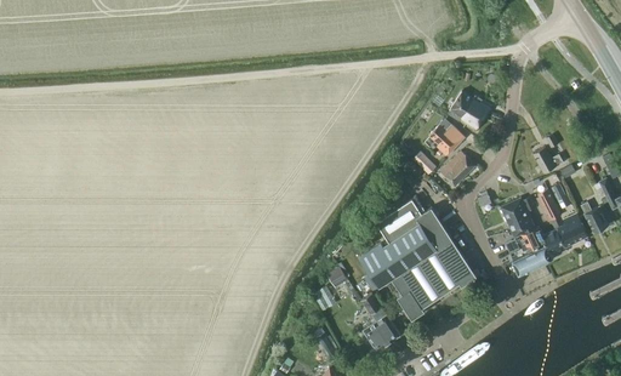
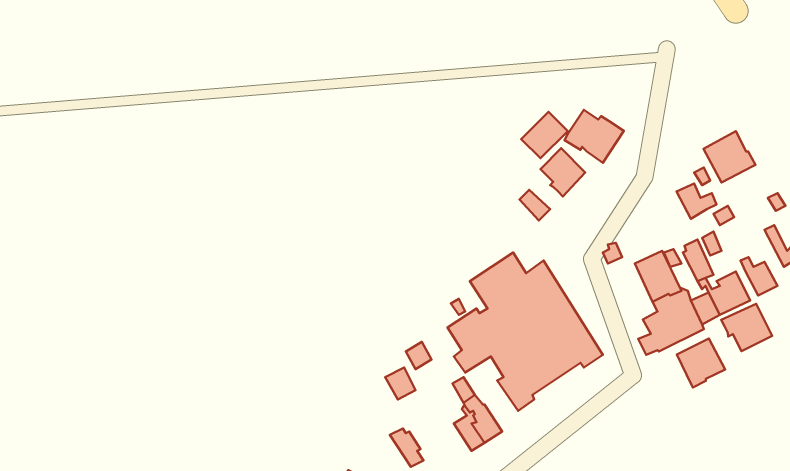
building: none -> [704,131,756,182]
building: [440,152,475,187] -> [521,112,568,158]
building: none -> [721,304,772,351]
building: none -> [677,339,725,388]

